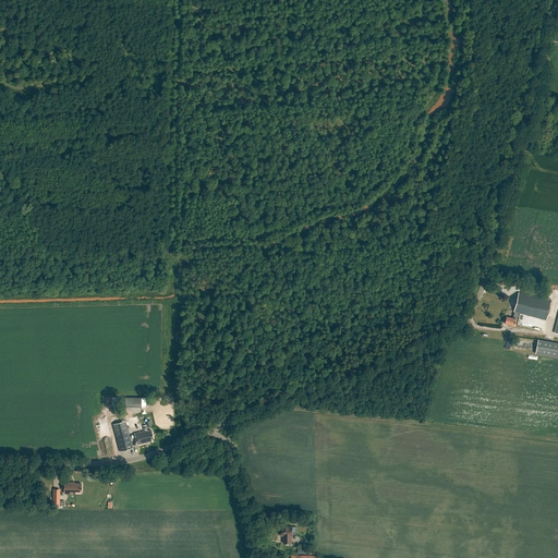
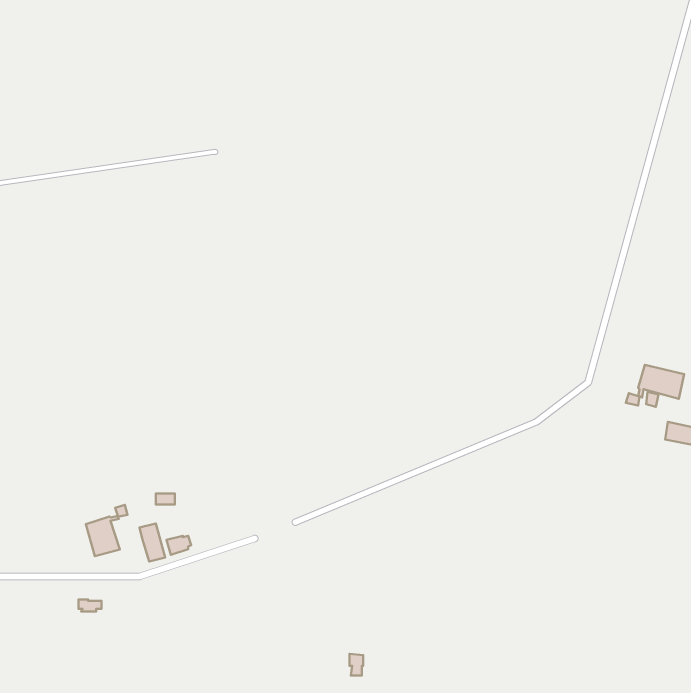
building: none -> [86,505,127,556]

